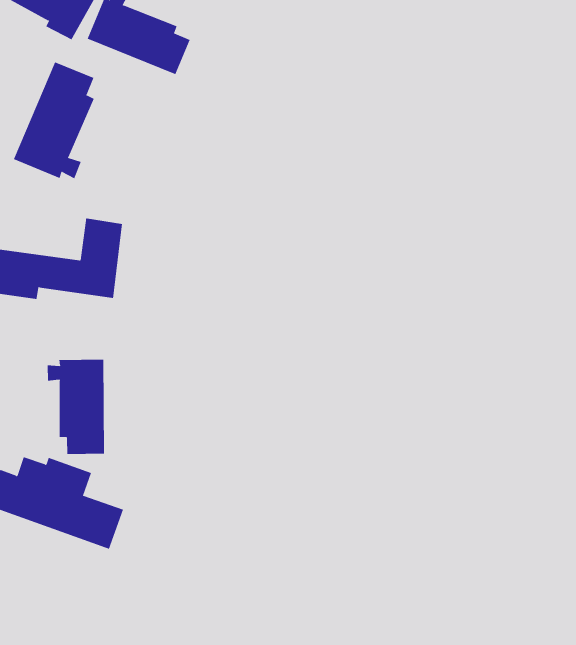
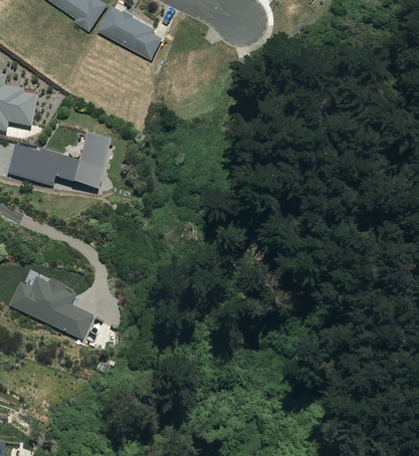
building: [13,61,95,179] -> none
building: [47,359,104,455] -> none

